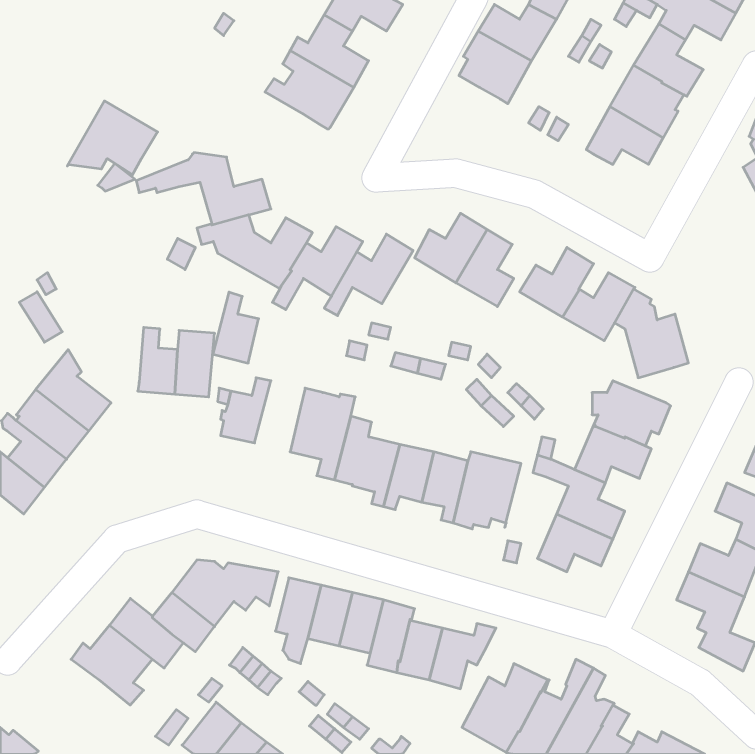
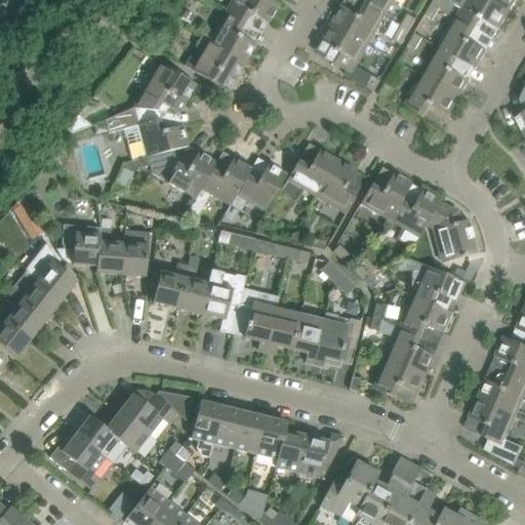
building: [67,101,158,175] -> [134,62,197,113]
building: [213,292,259,363] -> [177,264,209,313]
building: none -> [63,224,100,265]

